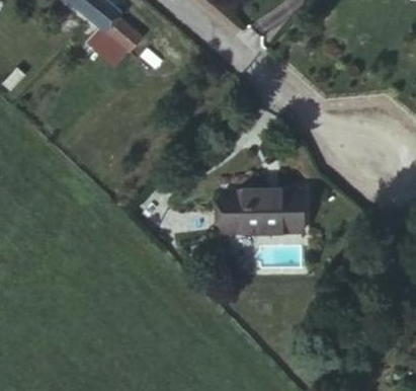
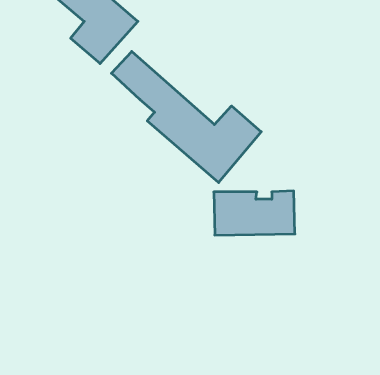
building: none -> [111,51,261,183]

